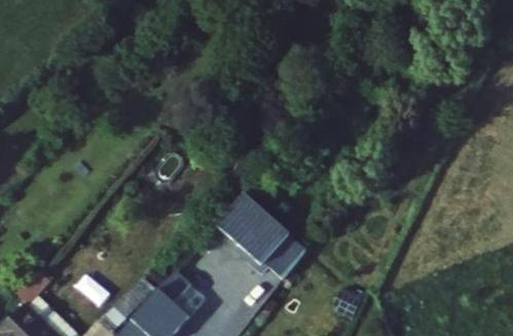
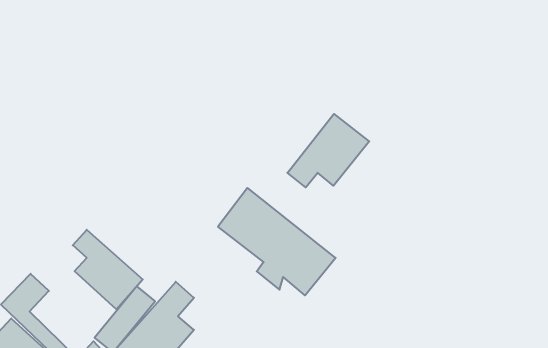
building: none -> [287,114,369,187]
building: none -> [73,230,143,309]

